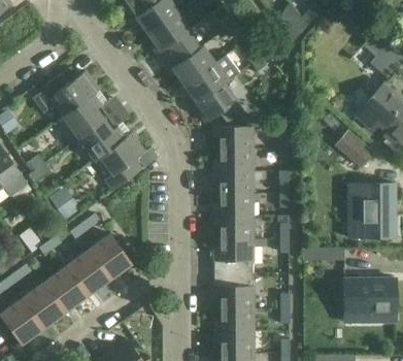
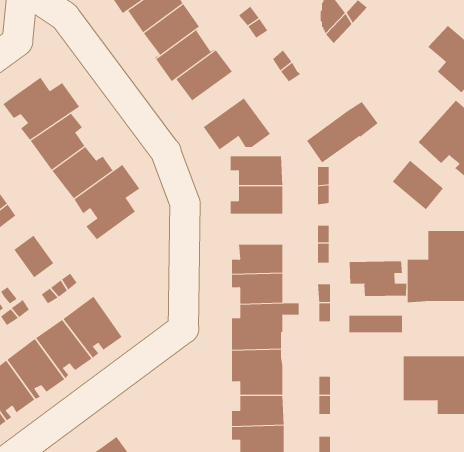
building: [184,56,239,105] -> [306,101,378,167]
building: [213,171,254,194] -> none
building: none -> [349,260,407,297]

